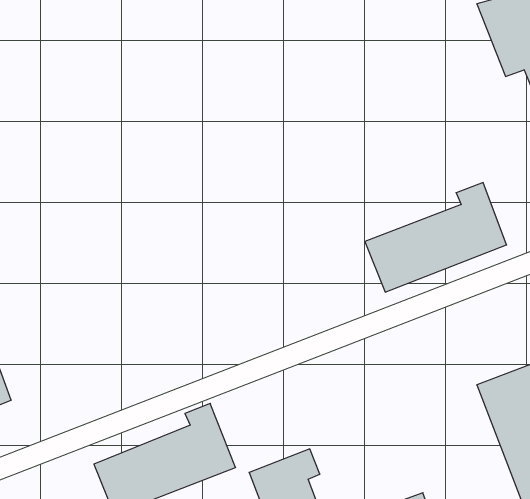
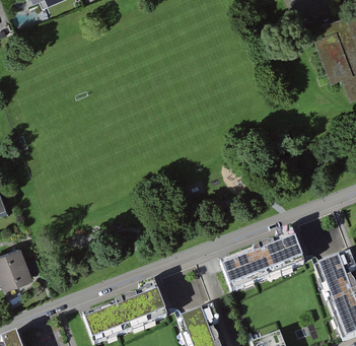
building: [365,183,507,292] -> [220,226,305,292]

